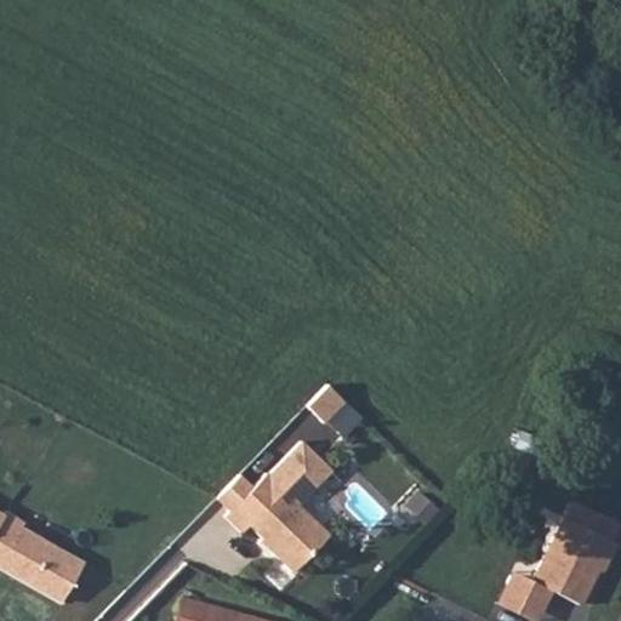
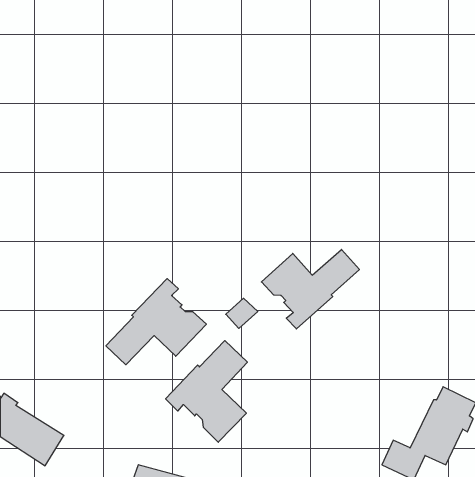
building: none -> [261,249,359,329]
building: none -> [106,279,206,365]

